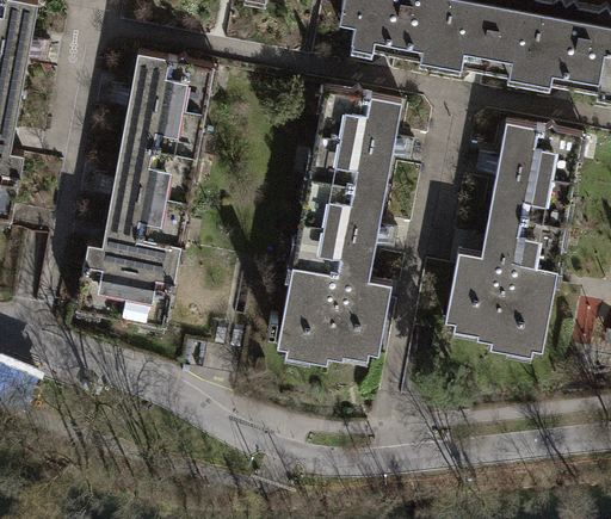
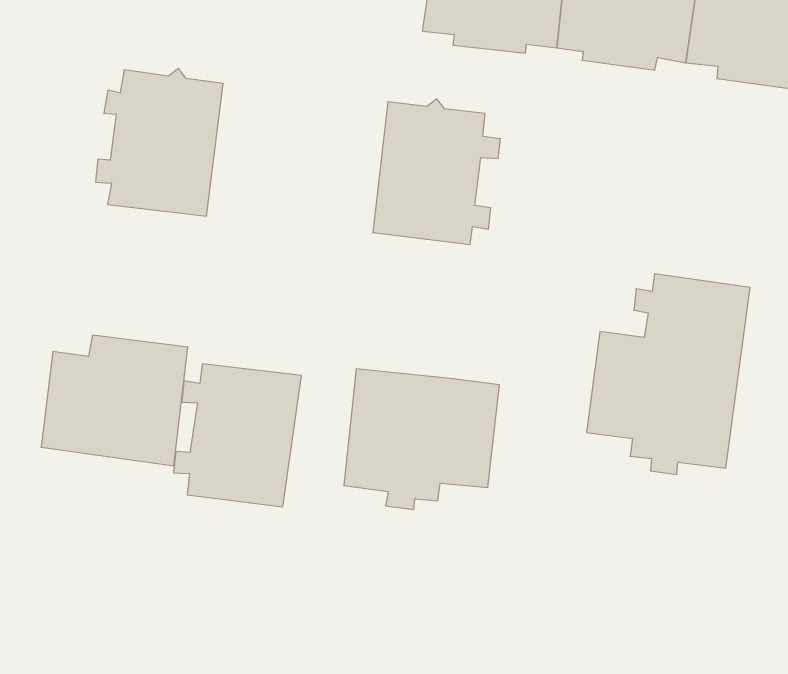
building: [490,125,580,229] -> none
building: [105,147,196,247] -> [174,364,301,507]
building: [291,177,381,279] -> none

